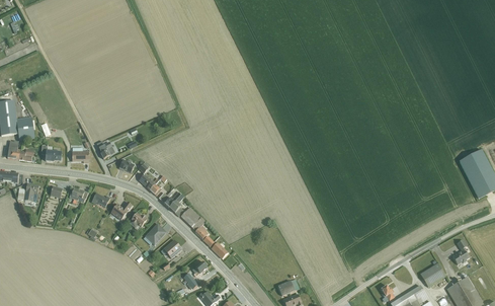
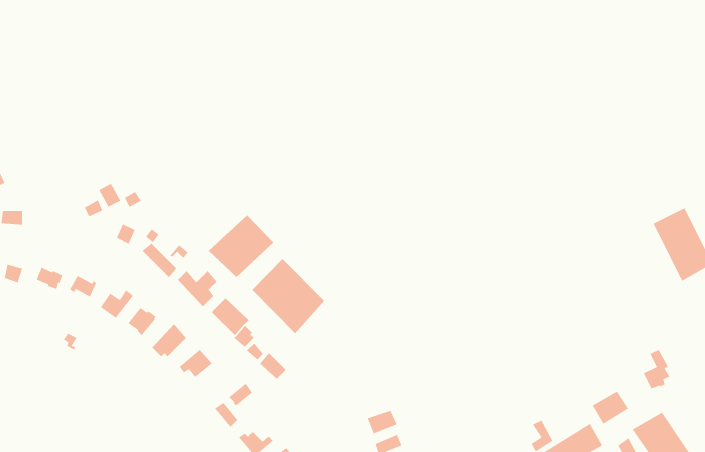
building: none -> [208,214,274,278]
building: none -> [251,258,325,334]

